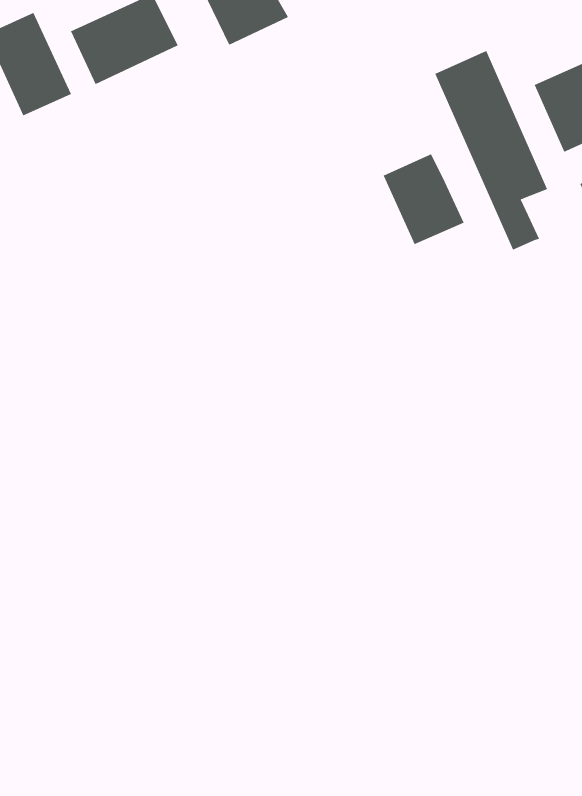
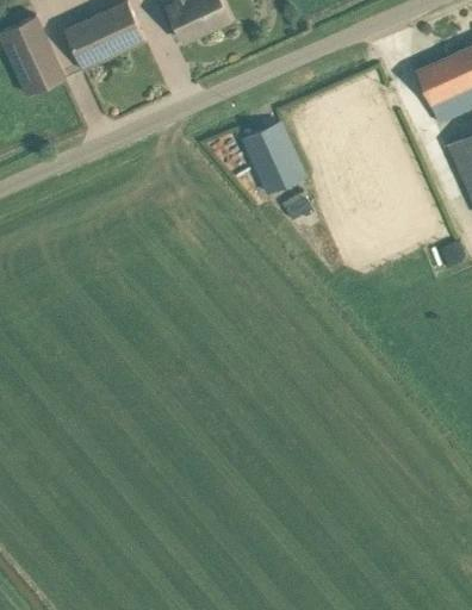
building: [434,50,548,251] -> none
building: [383,154,464,245] -> [242,122,304,191]

